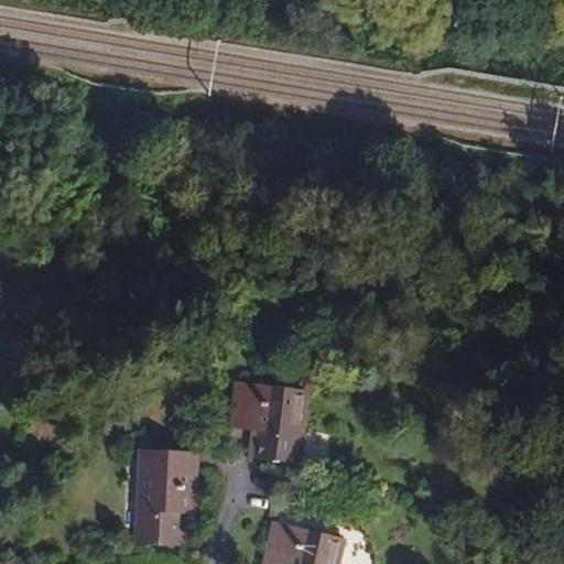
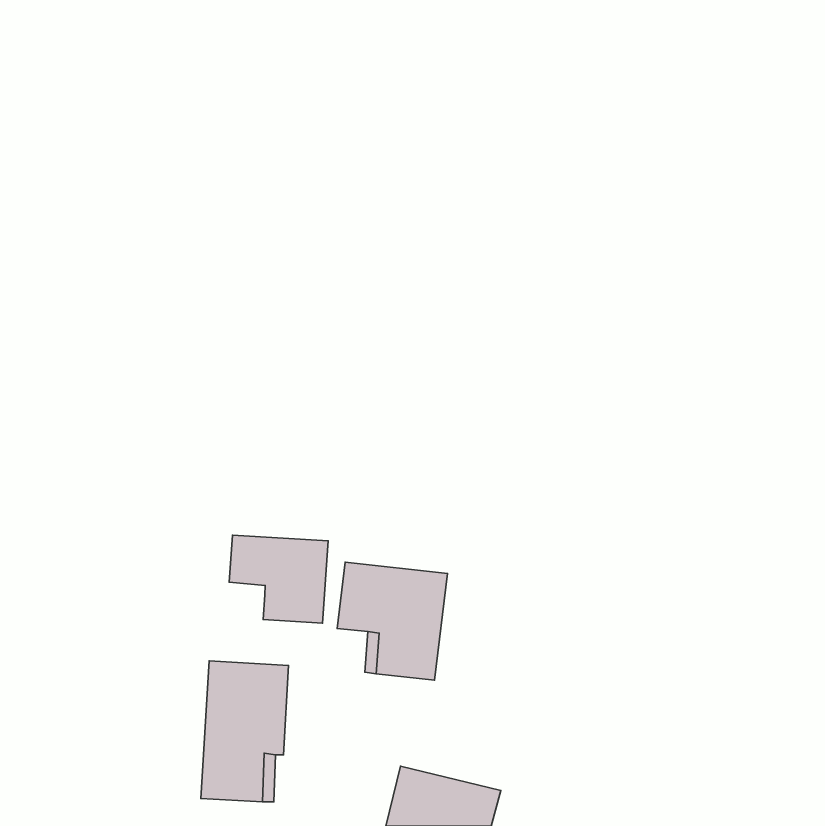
building: none -> [229,535,328,623]

